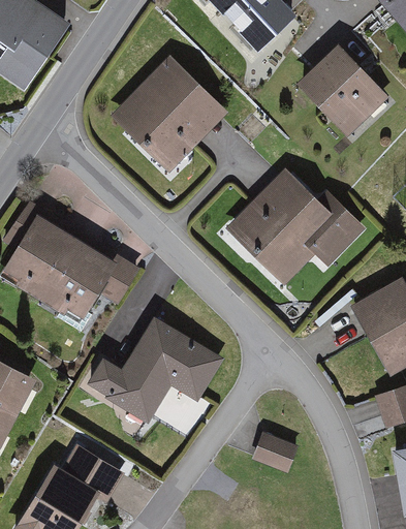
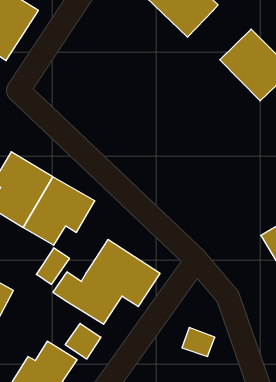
building: [113,60,225,172] -> none
building: [225,167,363,283] -> none
building: none -> [36,248,69,284]
building: none -> [65,323,101,359]

